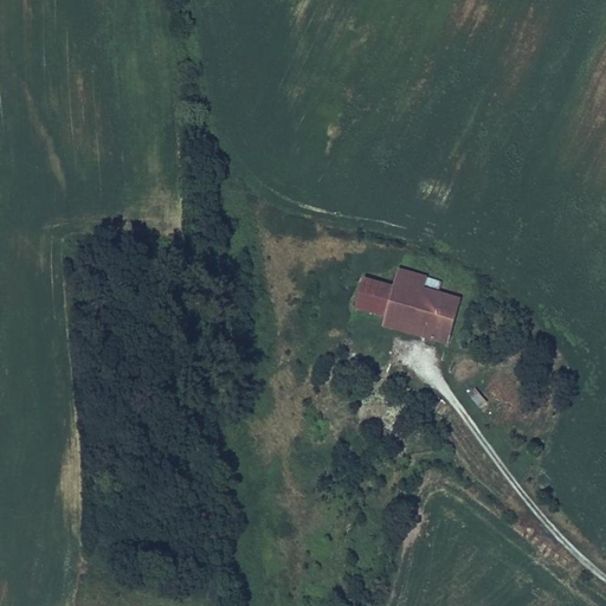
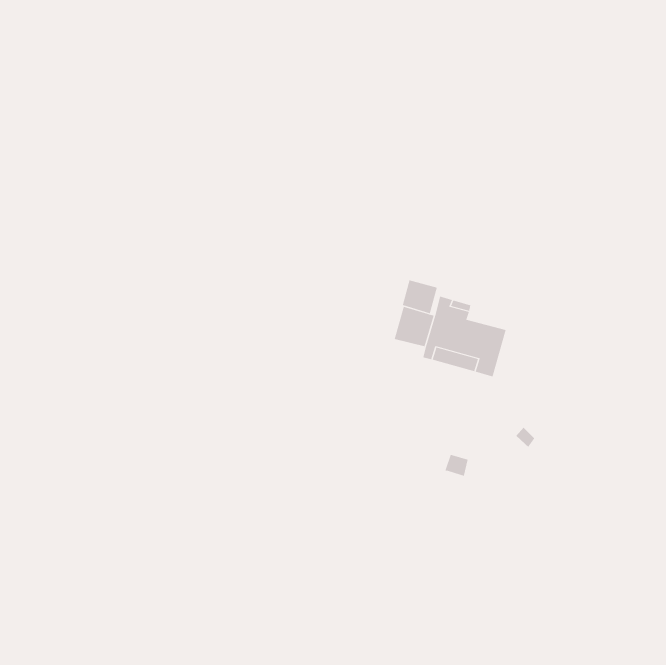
building: none -> [402,279,438,314]

